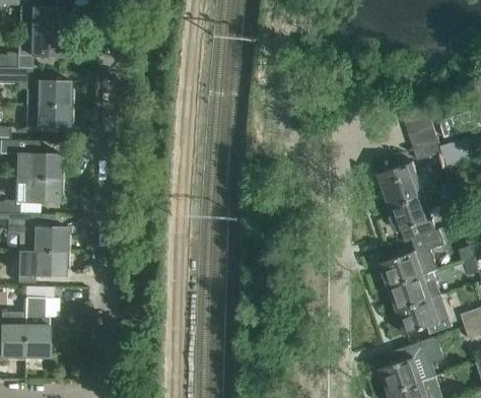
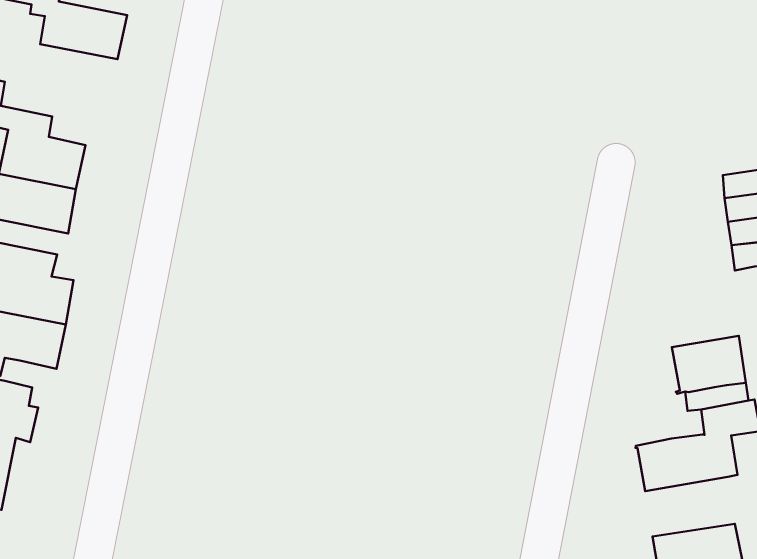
building: [25,105,69,130] -> none
building: [377,162,425,208] -> none
building: [390,272,440,311] -> none

